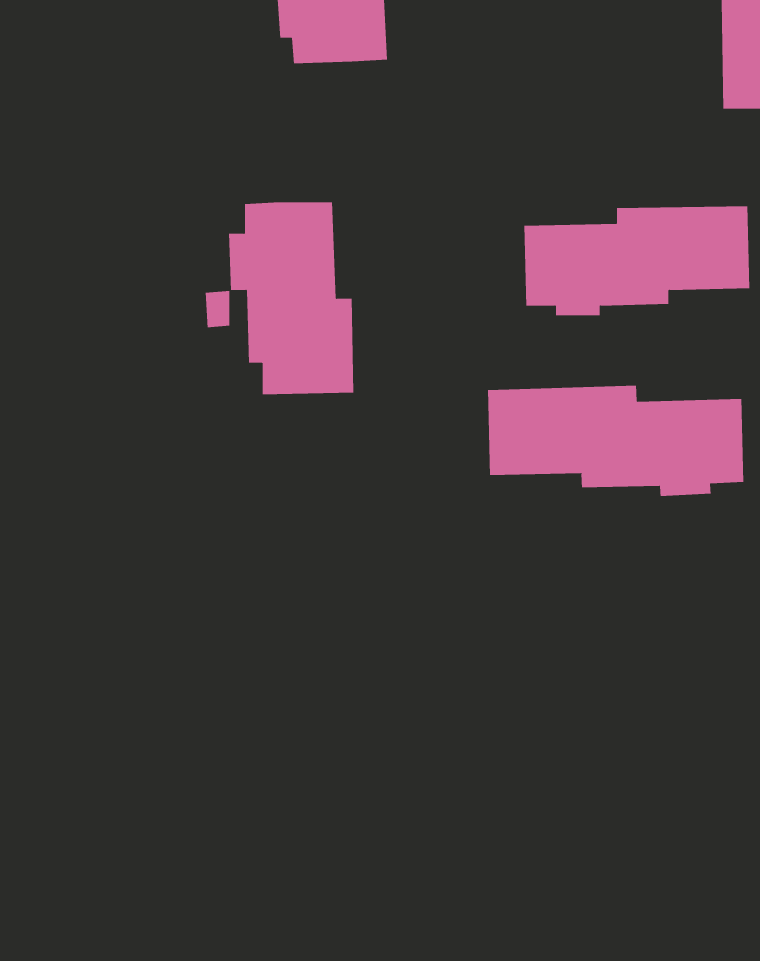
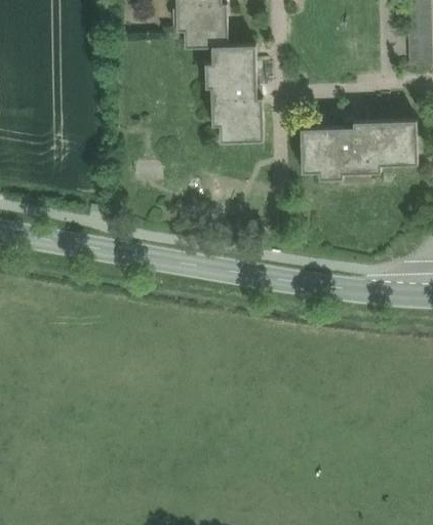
building: [228,202,354,395] -> [202,44,268,145]
building: [487,385,744,497] -> none

